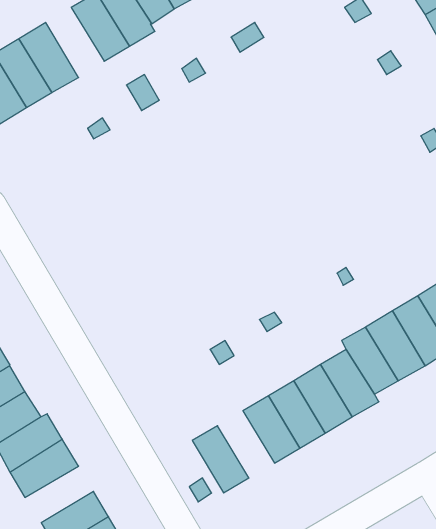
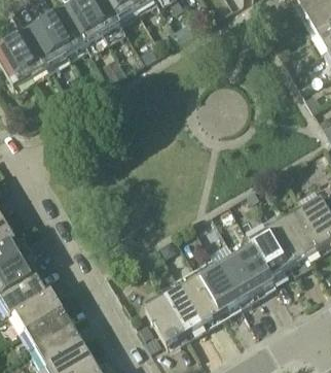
building: none -> [47,6,87,55]
building: none -> [166,284,205,331]
building: none -> [33,323,80,362]

